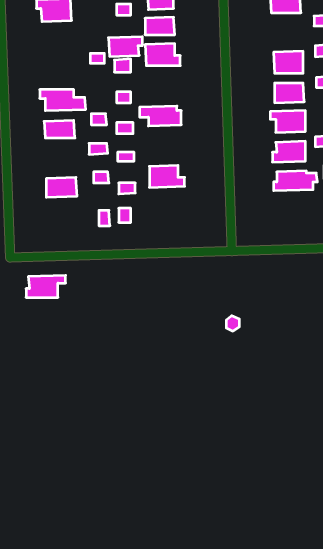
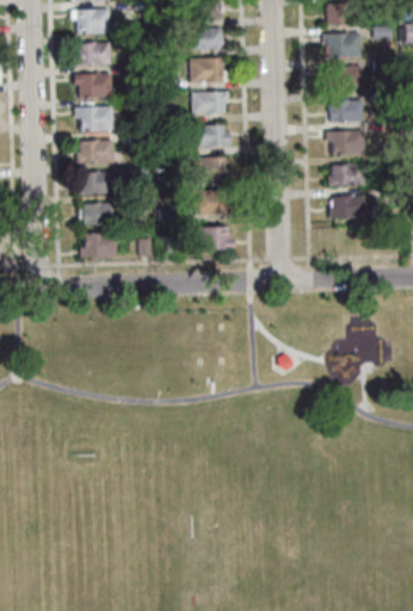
building: none -> [323,33,360,56]
building: none -> [78,43,110,64]
building: [108,37,142,56] -> [191,92,228,113]
building: none -> [74,73,111,98]
building: none -> [187,158,230,180]
building: none -> [82,172,115,193]
building: none -> [197,227,233,248]
building: [26,275,66,297] -> [81,233,124,257]

